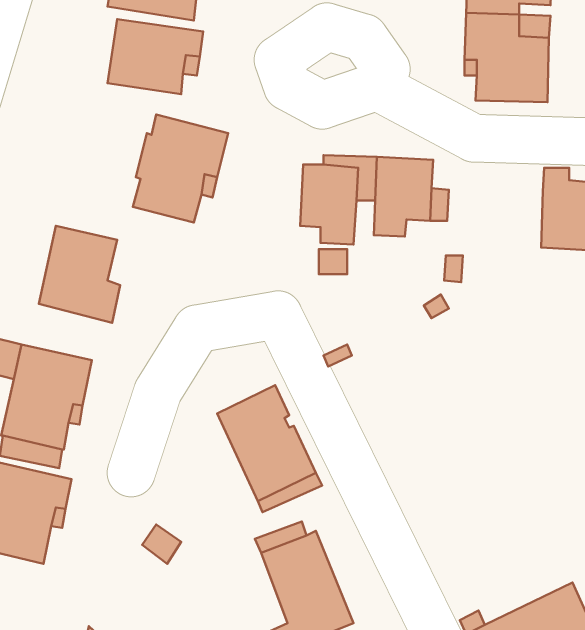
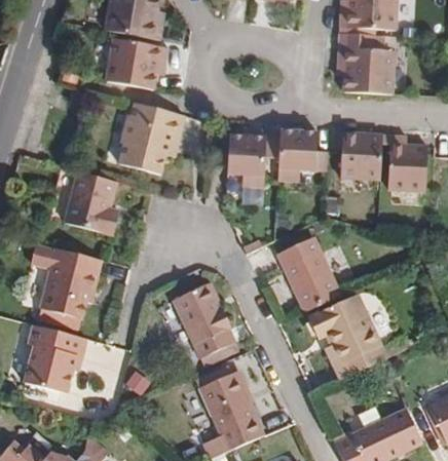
building: none -> [342,133,384,180]
building: none -> [273,234,338,309]
building: none -> [307,293,386,378]

